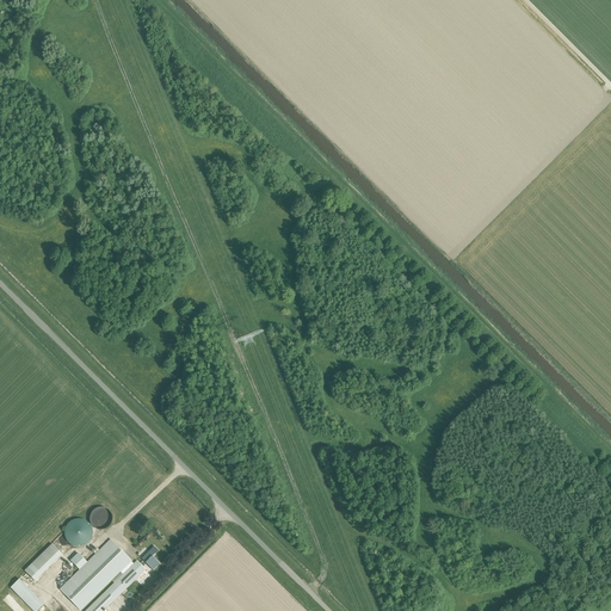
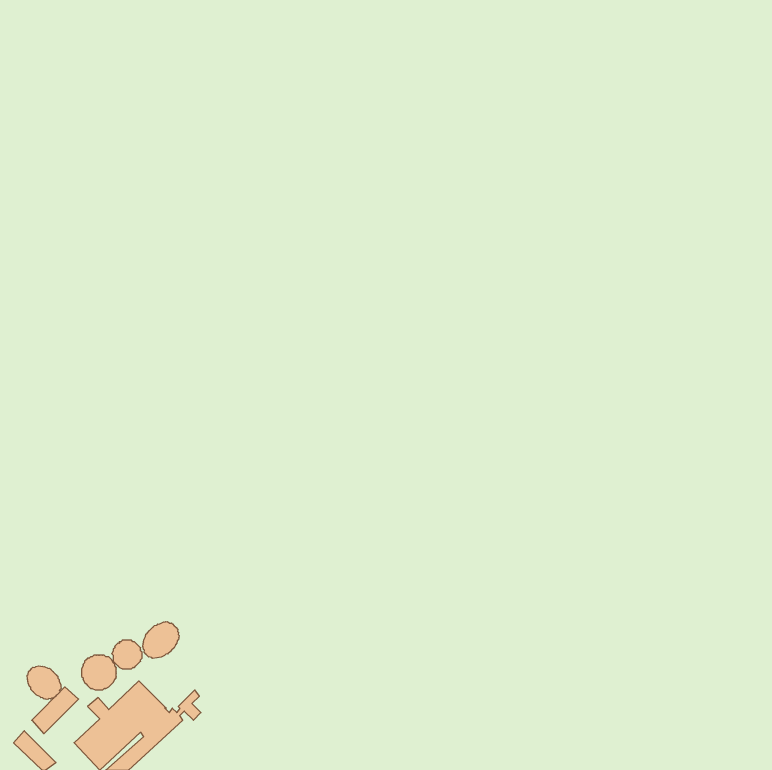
building: none -> [143,622,179,658]
building: none -> [27,666,61,699]

